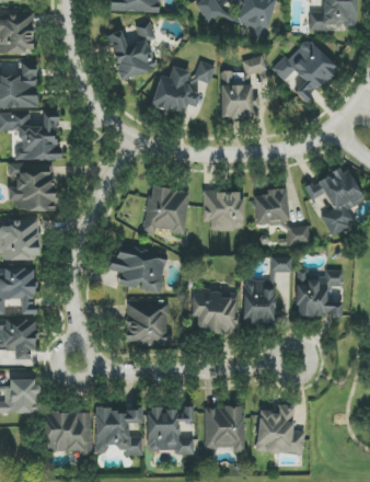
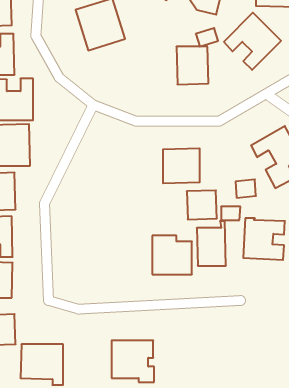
building: [152,60,216,114] -> none
building: [144,186,189,233] -> none
building: [254,191,288,223] -> [187,190,217,219]
building: [109,248,166,294] -> none
building: [126,299,174,347] -> none
building: [256,404,304,455] -> none
building: [204,406,248,454] -> none
building: [95,408,143,456] -> none

